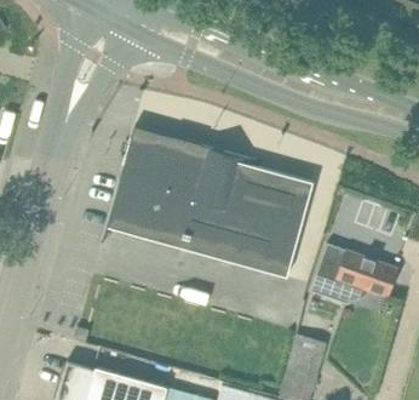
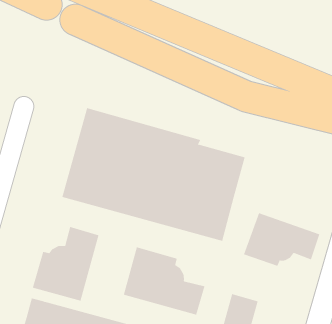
building: none -> [32,226,99,301]
building: none -> [123,247,205,316]

